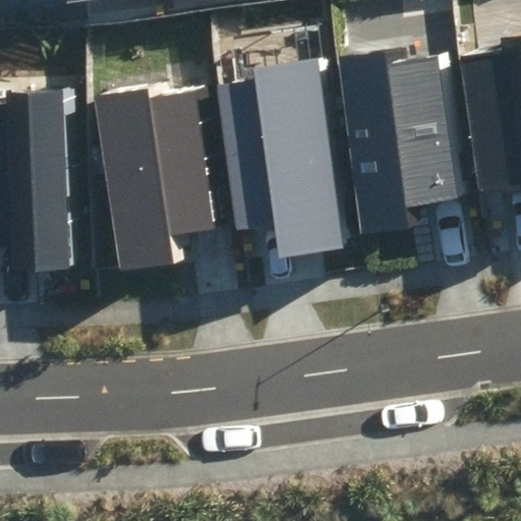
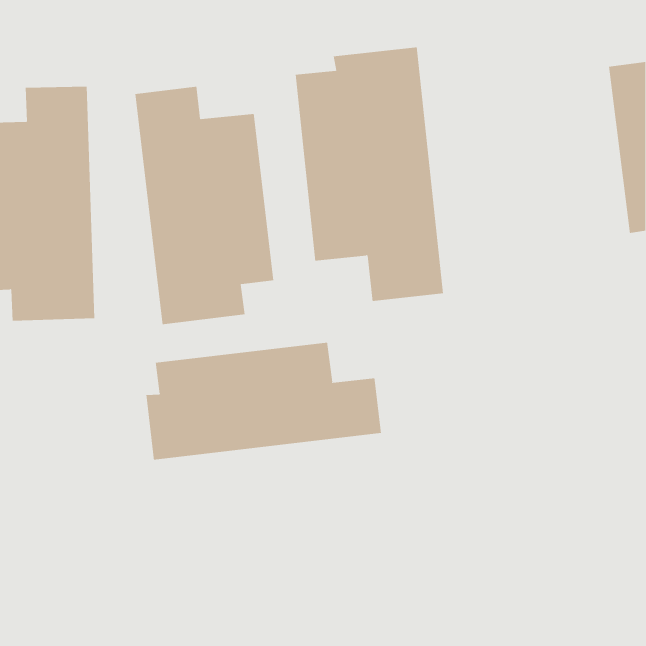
building: [337,49,446,234] -> none
building: none -> [146,342,381,460]

